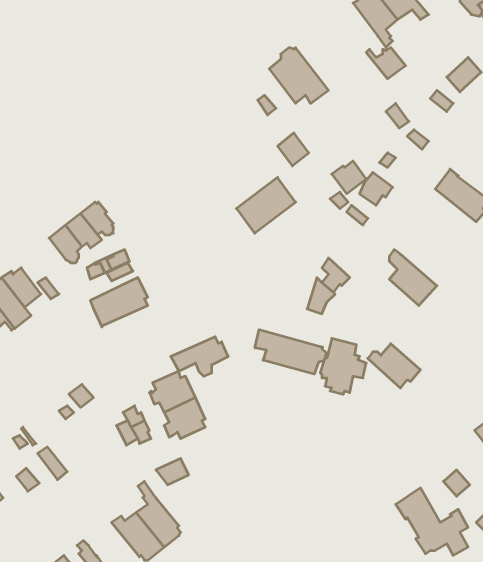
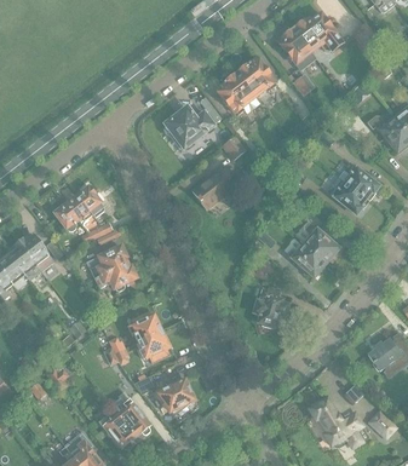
building: none -> [235,57,275,104]
building: none -> [162,109,212,150]
building: none -> [327,177,368,214]
building: [255,330,326,374] -> none
building: [171,337,228,376] -> [93,263,136,292]
building: [368,344,420,388] -> [287,243,326,276]
building: none -> [155,379,194,415]

